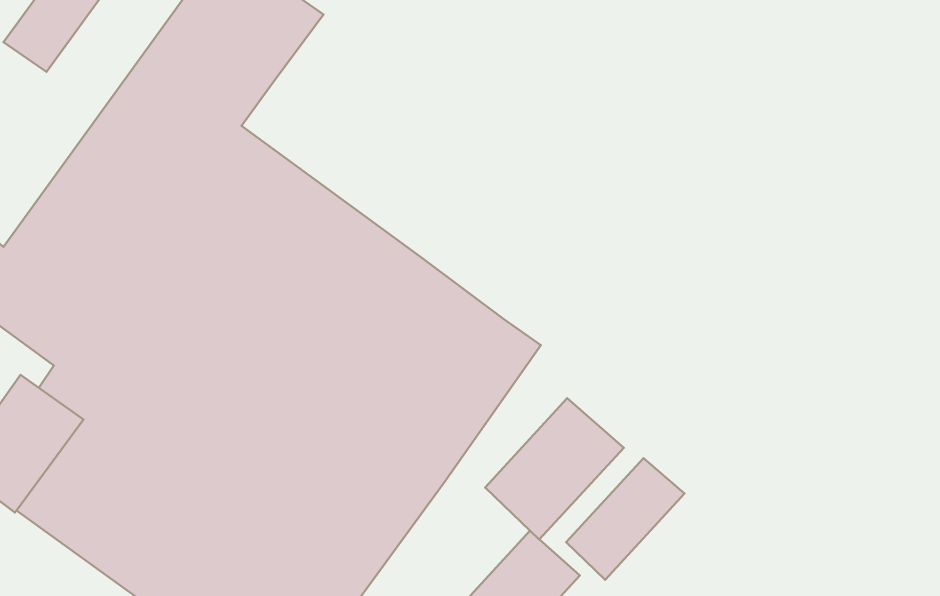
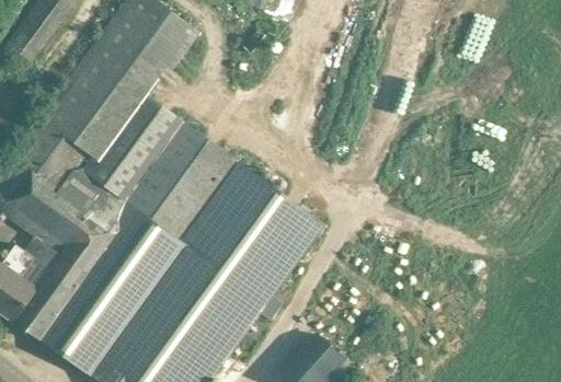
building: [485,398,624,539] -> none
building: [566,458,684,580] -> none

